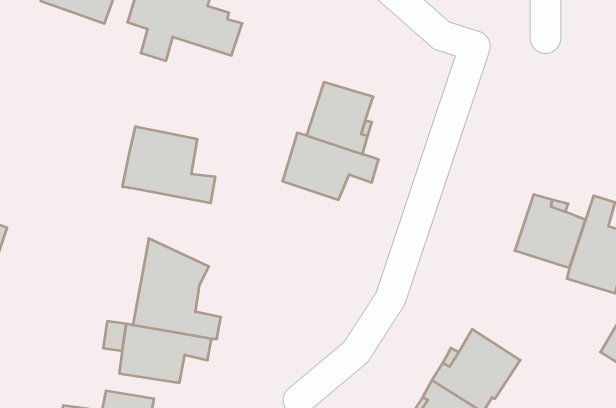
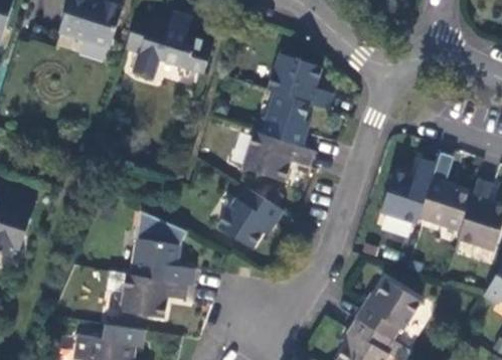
building: none -> [266,54,332,110]
building: [123,126,215,203] -> none
building: none -> [379,159,435,226]
building: none -> [216,187,284,250]

